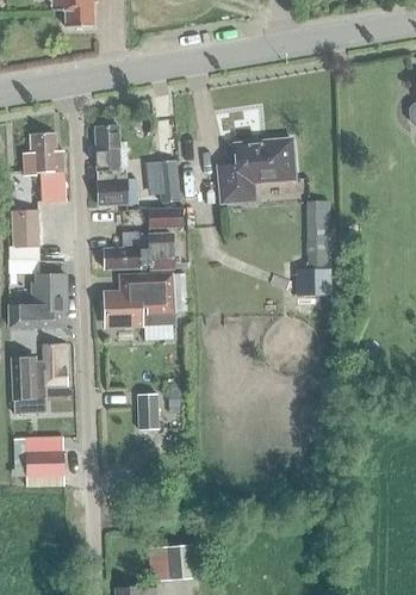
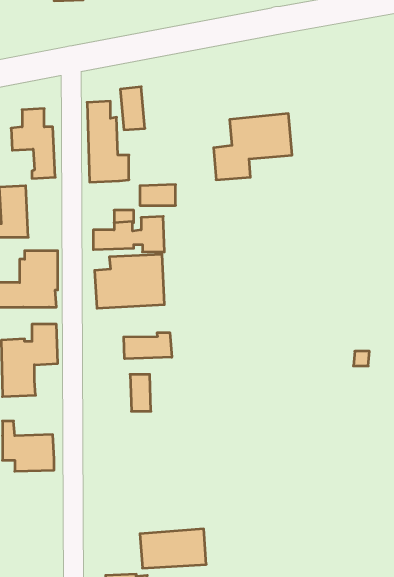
building: [155,159,179,200] -> [120,87,145,130]
building: [309,222,329,293] -> none
building: none -> [124,333,172,359]

